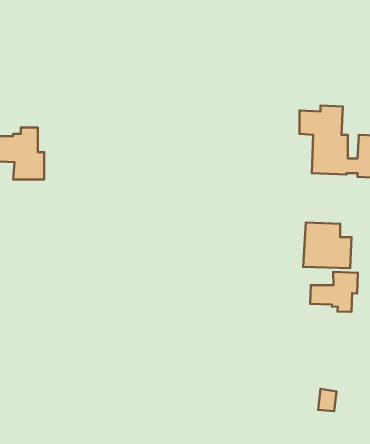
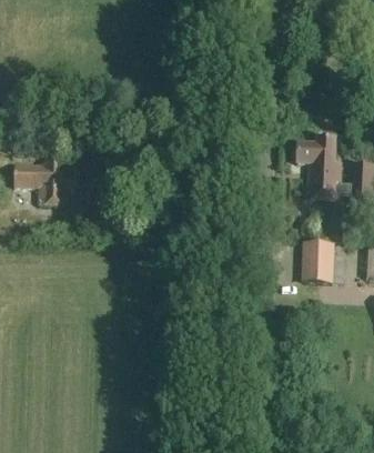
building: [310,272,358,312] -> none

